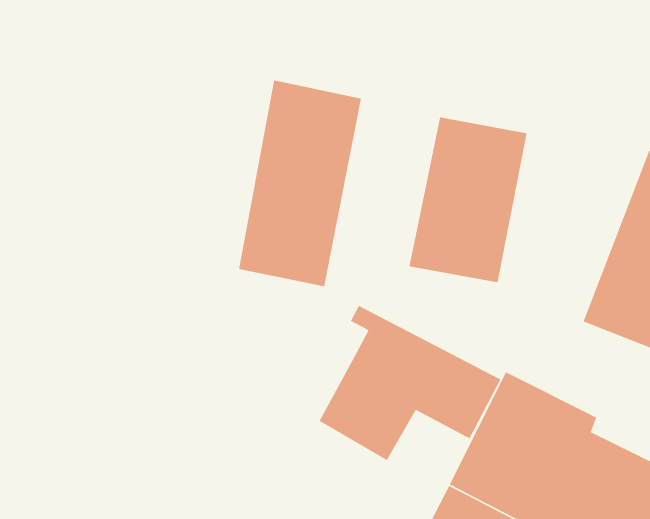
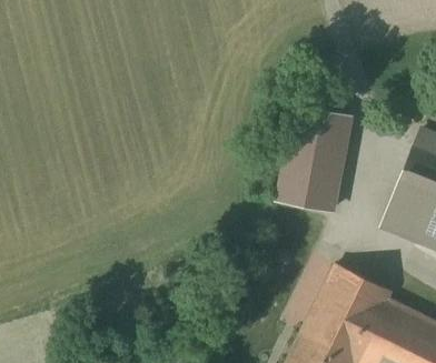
building: [238,80,362,287] -> none
building: [319,305,502,461] -> none

